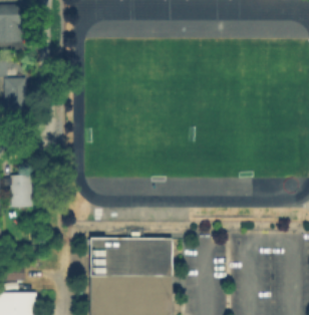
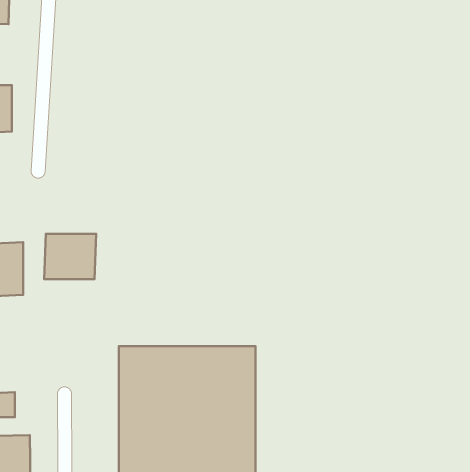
building: none -> [44,234,96,279]

